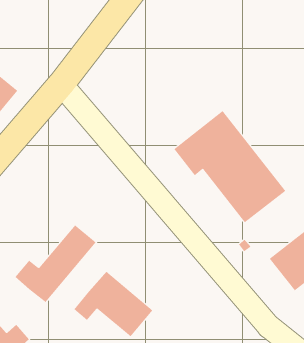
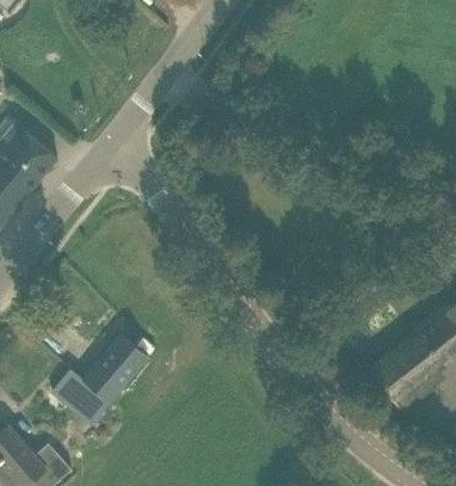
building: [173,110,286,223] -> none
building: [73,271,153,337] -> none

